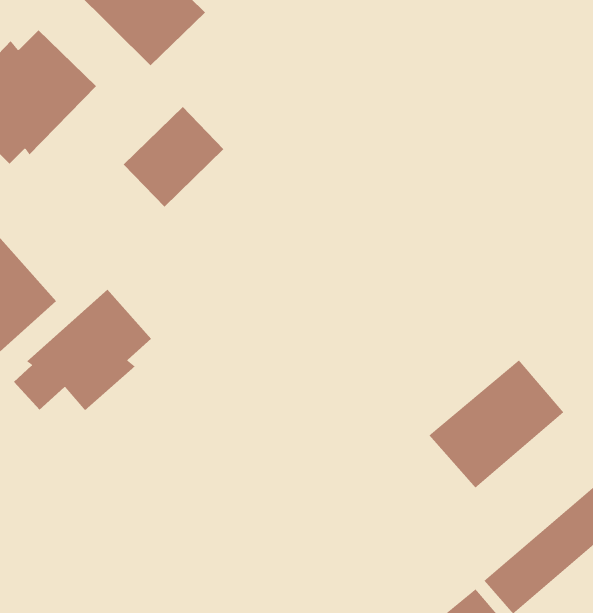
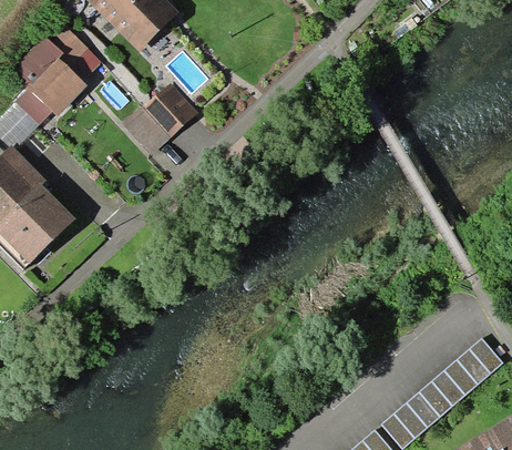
building: [13,289,152,411] -> none
building: [429,359,564,488] -> none

